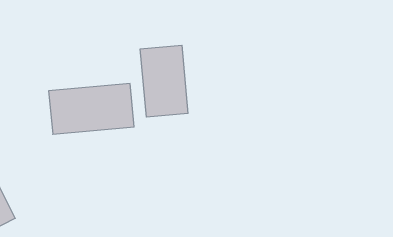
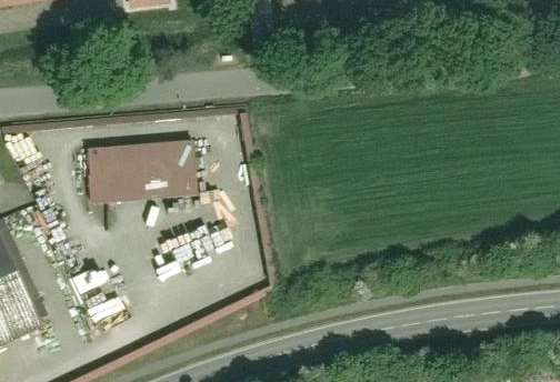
building: [140,45,188,117] -> none

